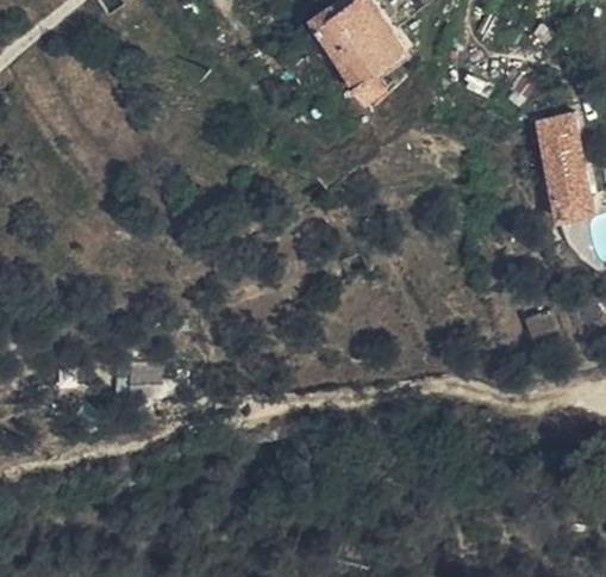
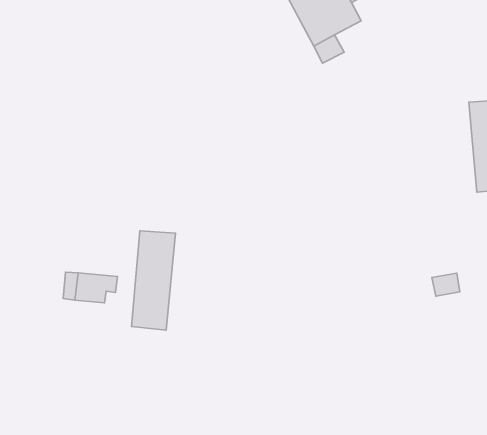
building: none -> [131,231,176,330]

